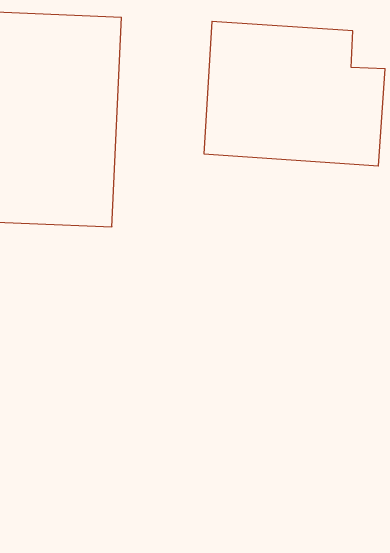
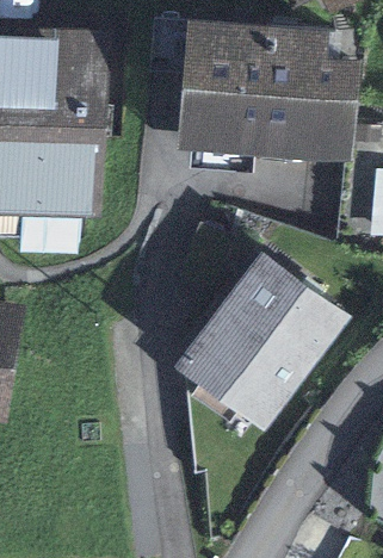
building: none -> [181,272,329,424]

